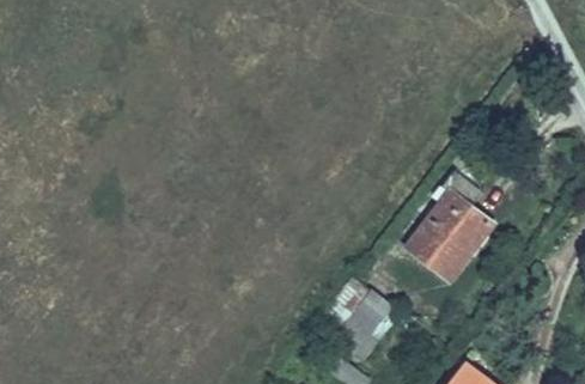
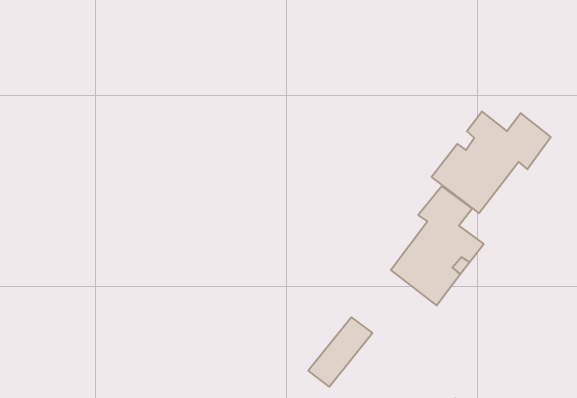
building: none -> [432,111,551,213]

